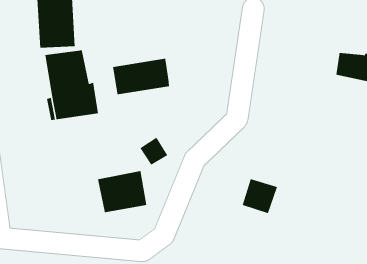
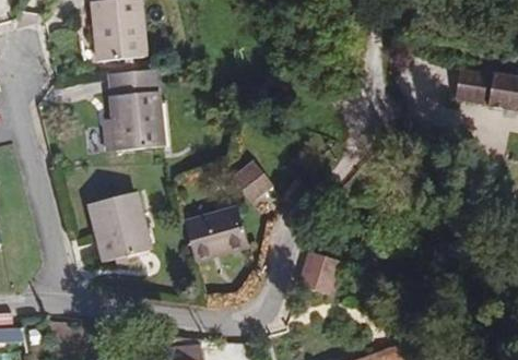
building: [112,58,170,95] -> none
building: none -> [80,188,137,256]
building: [242,178,278,214] -> [296,254,342,299]

